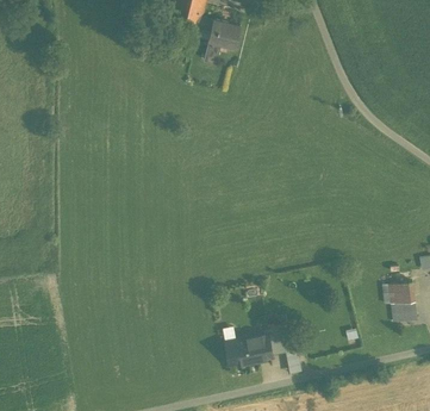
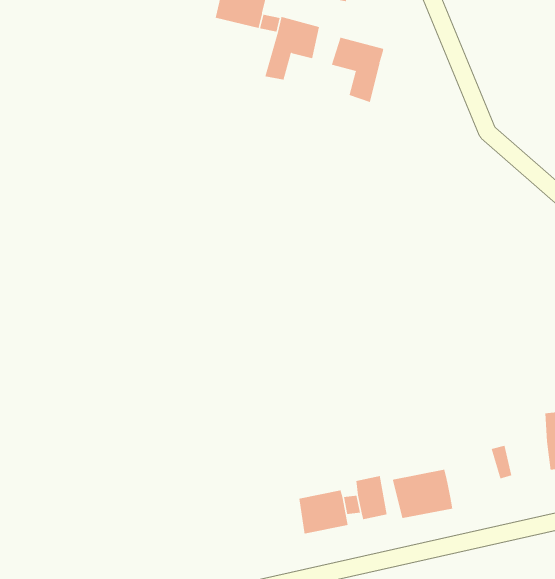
building: none -> [331,37,385,103]
building: none -> [392,469,453,519]

